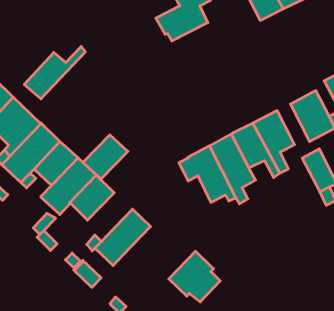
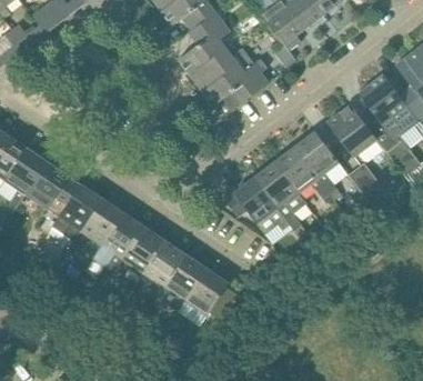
building: none -> [198,48,269,106]
building: [24,46,85,99] -> none
building: [83,135,128,179] -> [143,241,187,287]
building: [169,251,220,302] -> [185,269,238,319]

